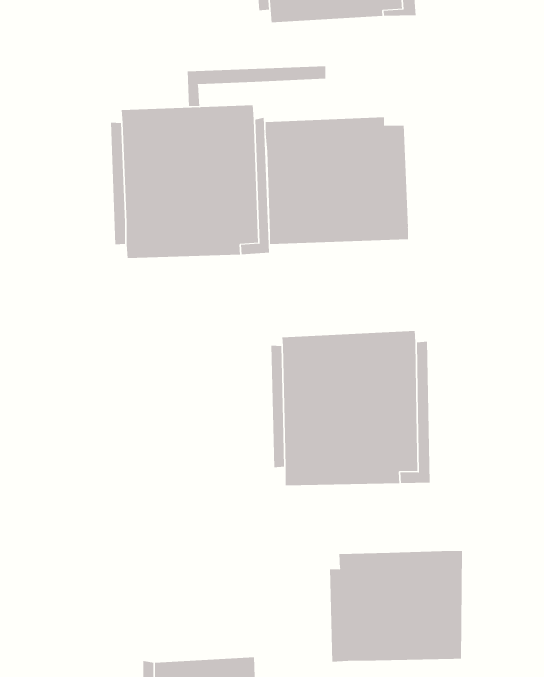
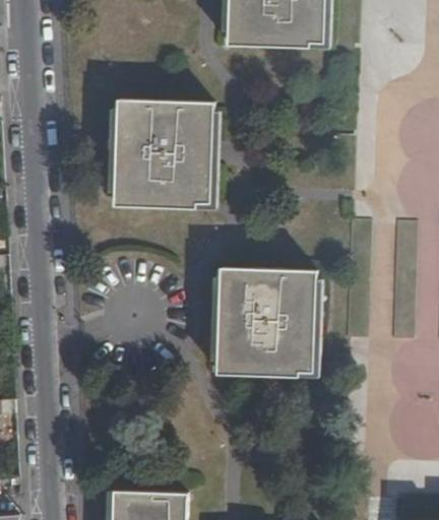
building: [187,65,326,107] -> none
building: [265,117,408,245] -> none
building: [330,550,462,662] -> none

